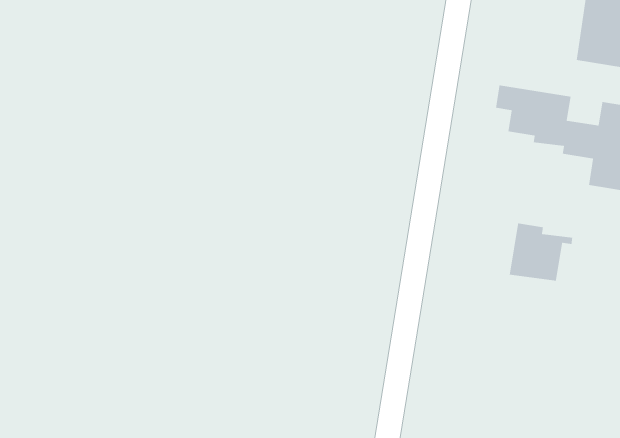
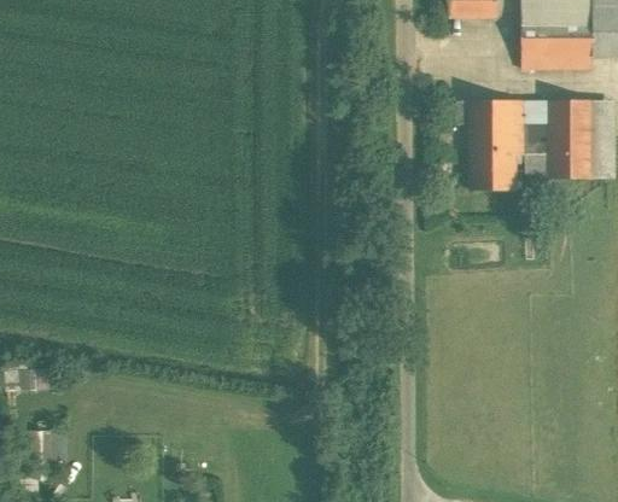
building: [509,223,573,282] -> [472,141,524,189]

